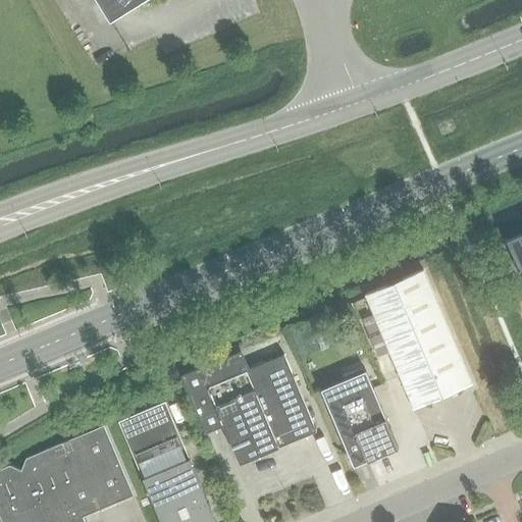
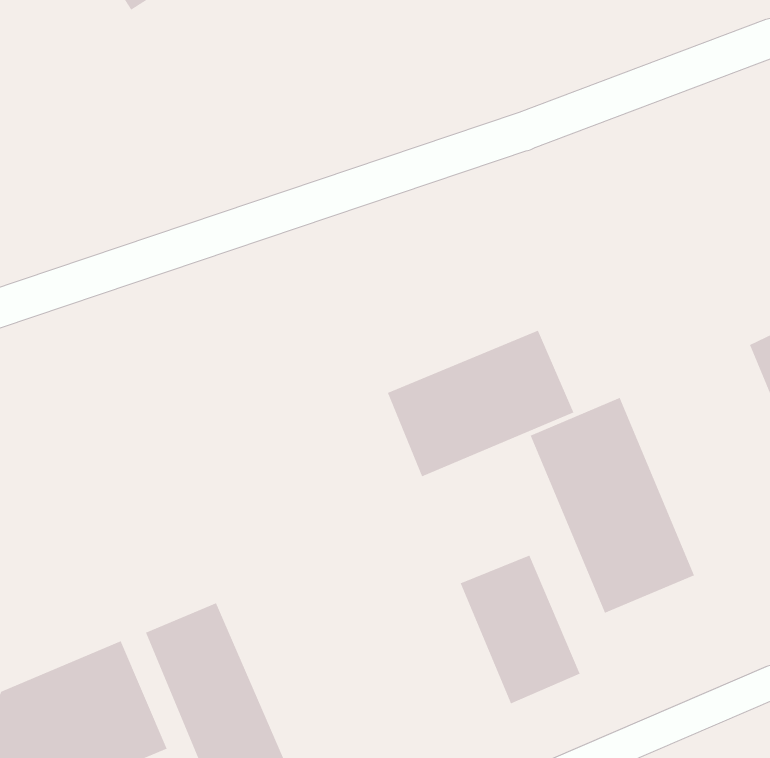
building: none -> [387,330,574,477]
building: [180,352,316,464] -> none

